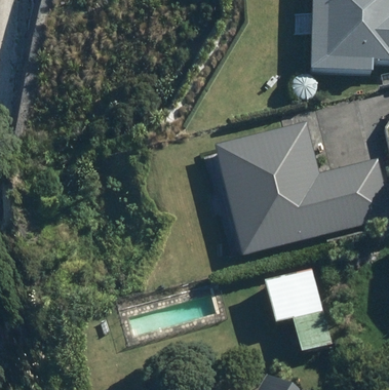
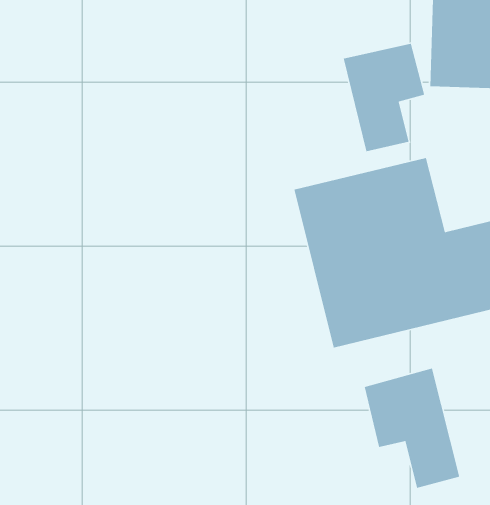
building: none -> [343,43,425,152]

